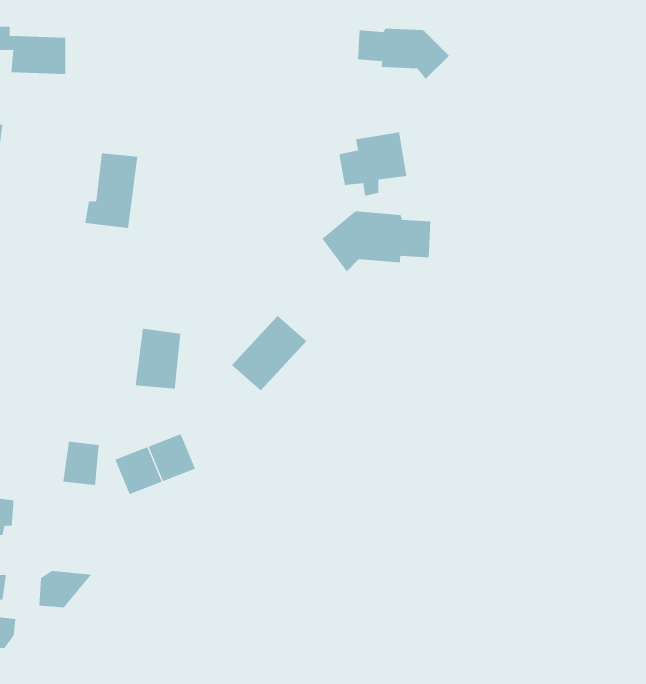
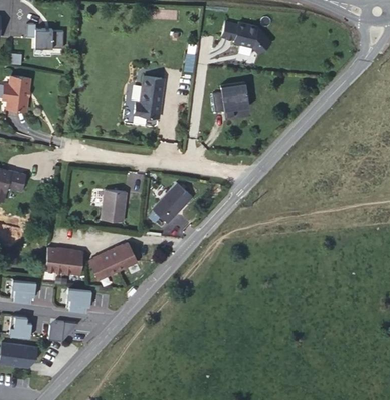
building: [84,153,138,229] -> [134,76,163,118]
building: [322,210,431,272] -> none
building: none -> [44,247,64,272]
building: none -> [65,288,90,311]

